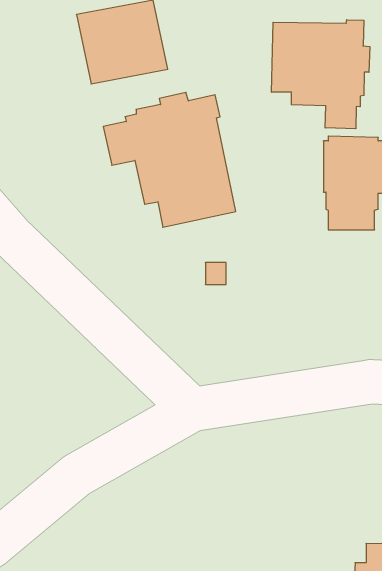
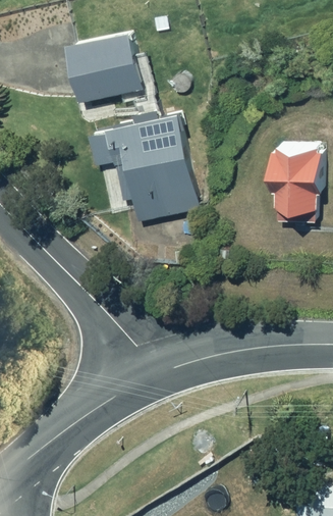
building: [272,20,370,129] -> none

